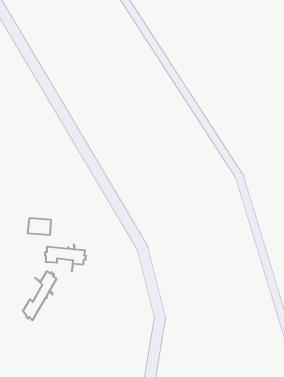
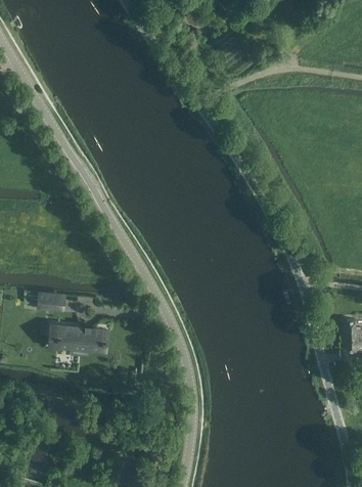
building: [23,271,56,320] -> none

